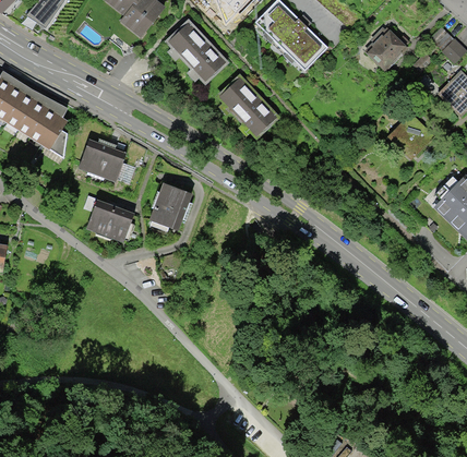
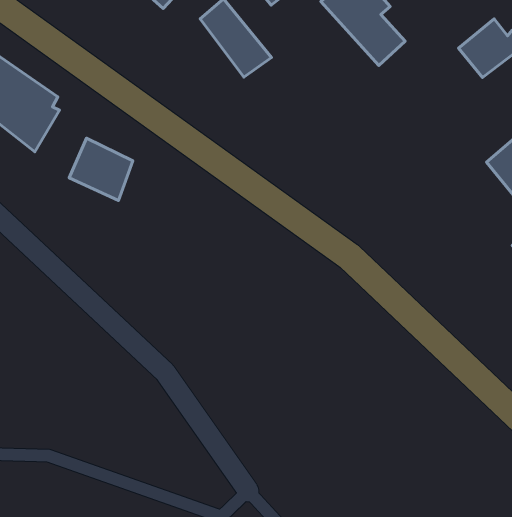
building: [218,77,277,139] -> none
building: [147,182,195,234] -> none
building: [86,196,134,242] -> none

